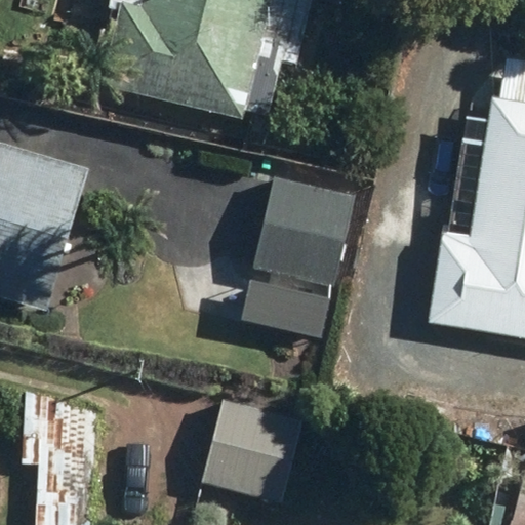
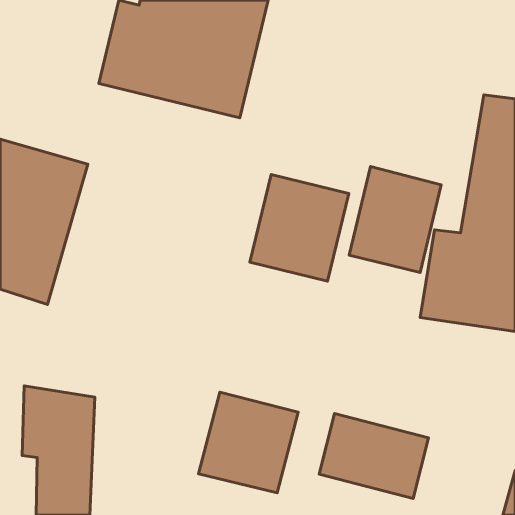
building: none -> [349,166,441,273]
building: none -> [319,413,429,499]

